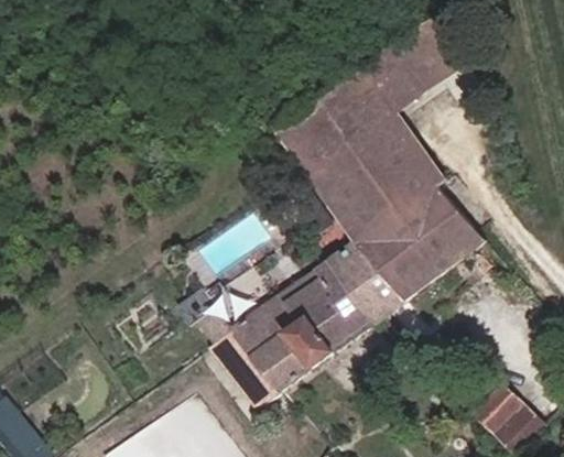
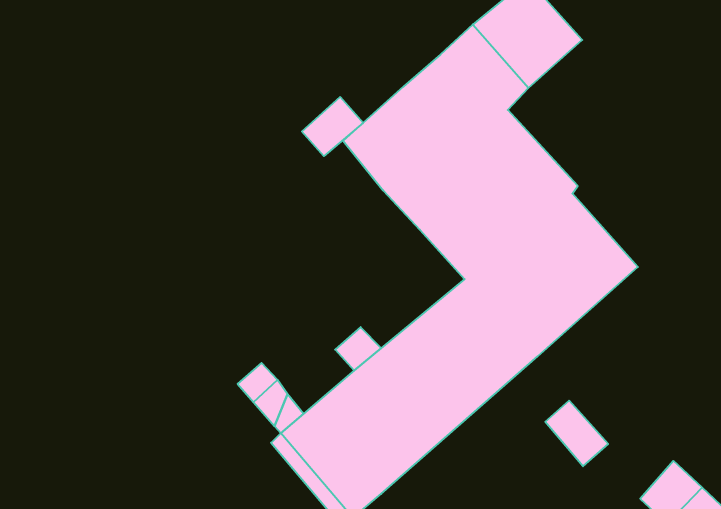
building: none -> [302,97,363,156]
building: none -> [545,401,608,466]

